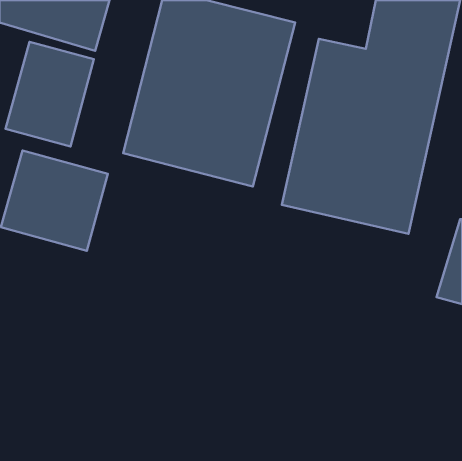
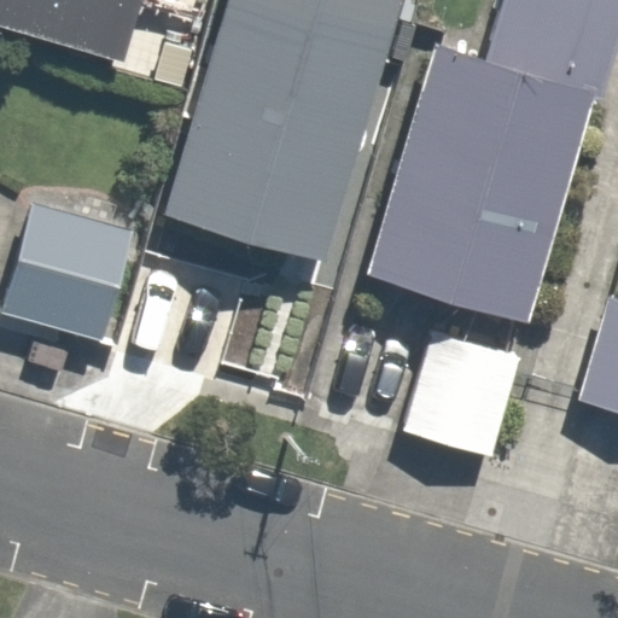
building: [6,42,94,147] -> none
building: none -> [398,327,519,454]

